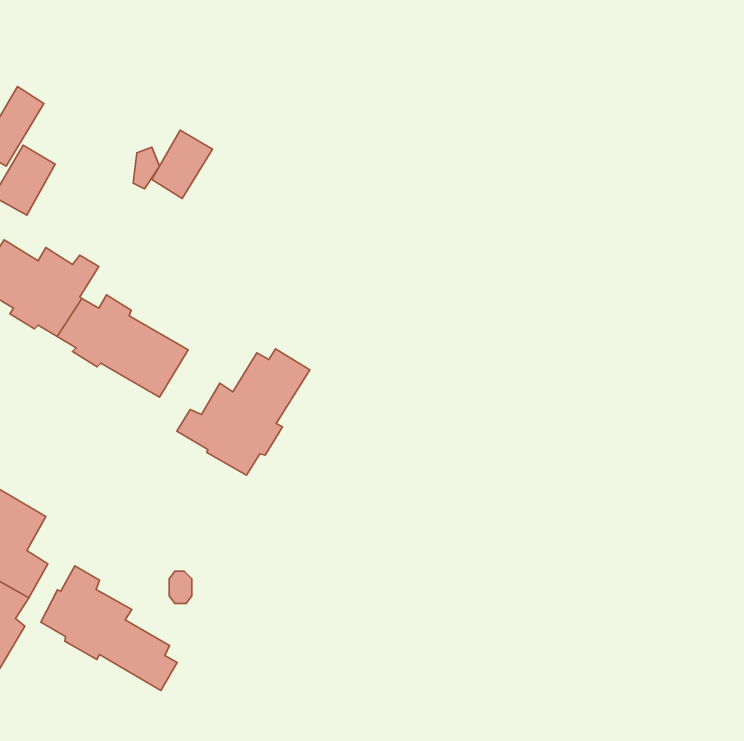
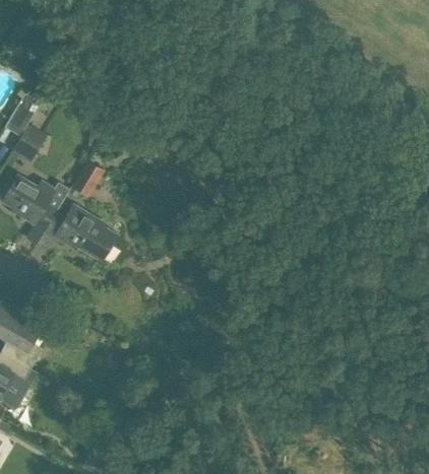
building: [152,130,212,198] -> [70,160,103,197]
building: [177,349,310,475] -> none
building: [41,566,177,690] -> none

